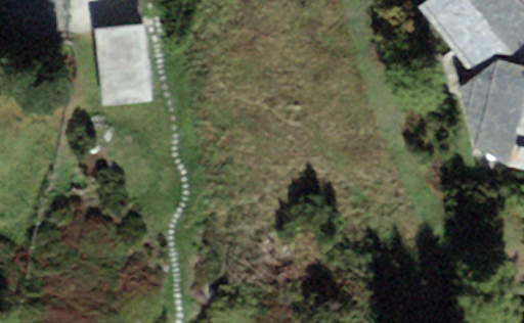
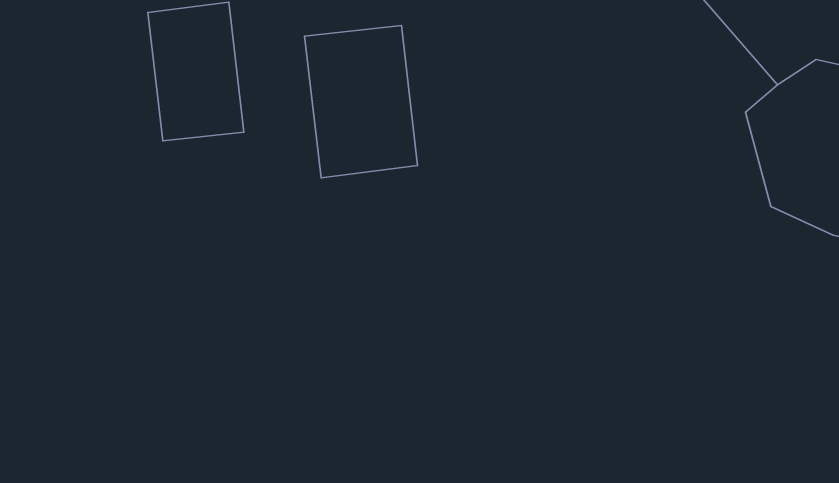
building: none -> [305,26,418,178]

